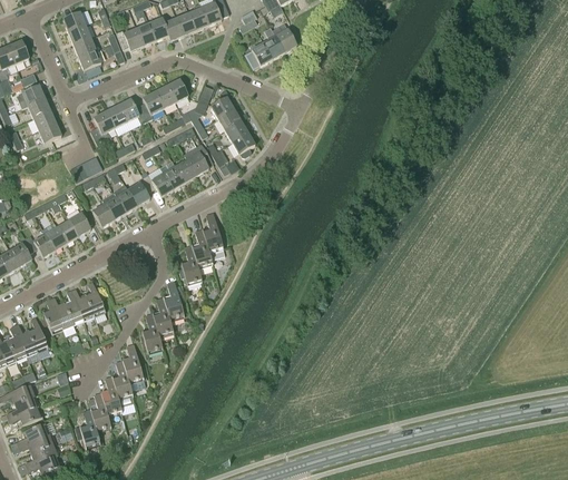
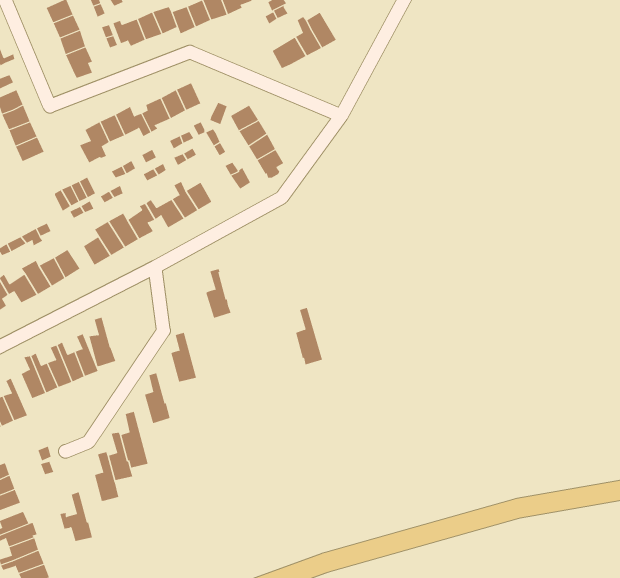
building: [183,141,213,175] -> none
building: [202,212,224,258] -> [295,307,323,365]
building: [177,244,200,285] -> none
building: [151,296,174,336] -> [88,317,116,367]
building: [90,392,111,432] -> none

